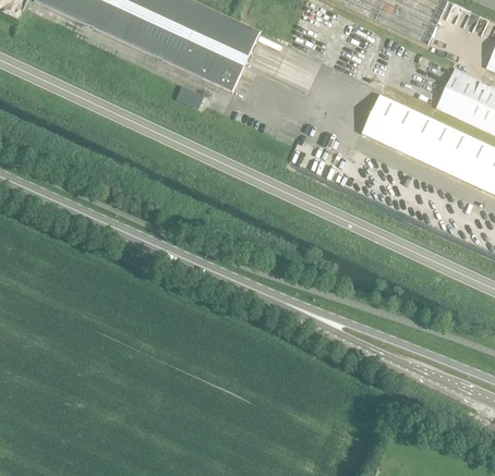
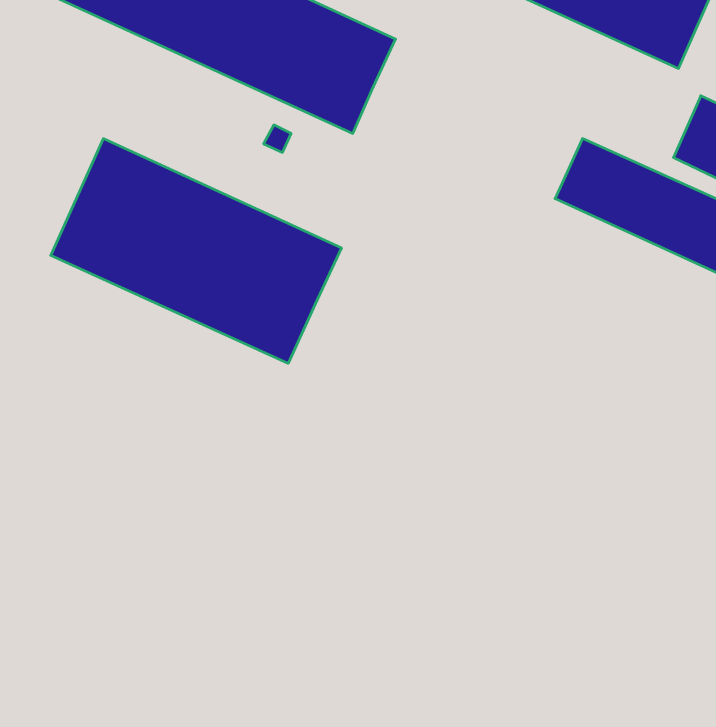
building: none -> [51,139,341,363]

